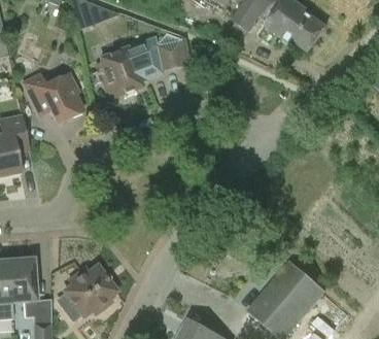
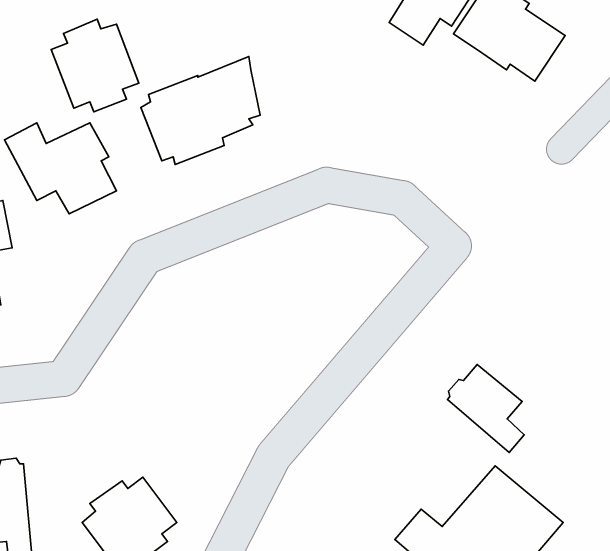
building: none -> [51,19,139,112]
building: [157,32,188,69] -> none
building: none -> [447,364,524,453]

